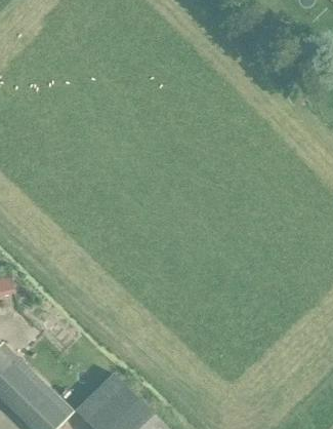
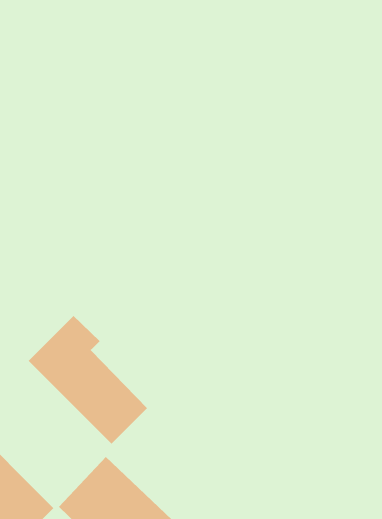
building: none -> [28,315,148,444]

